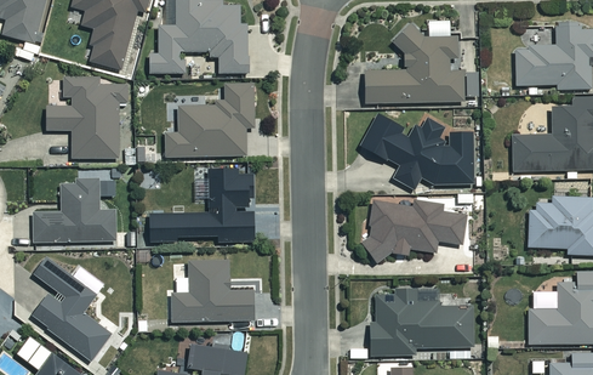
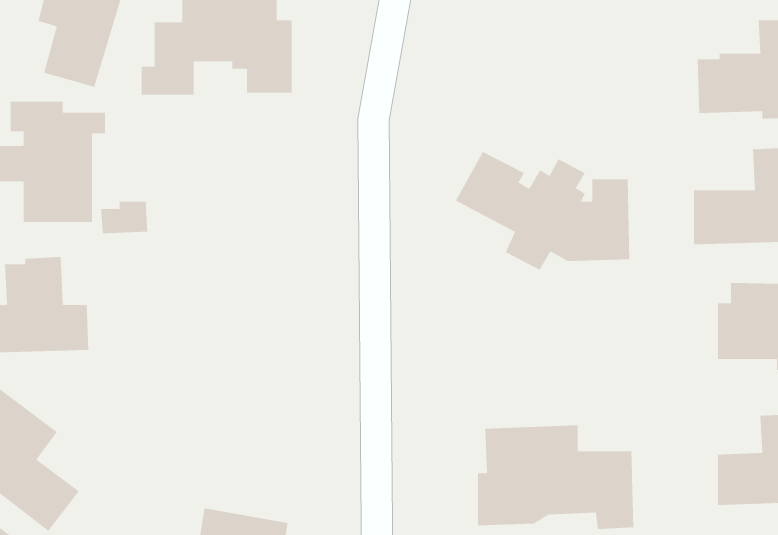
building: [365,23,462,104] -> none
building: [164,84,255,159] -> none
building: [149,169,256,243] -> none
building: [359,200,463,262] -> none
building: [171,261,255,323] -> none

